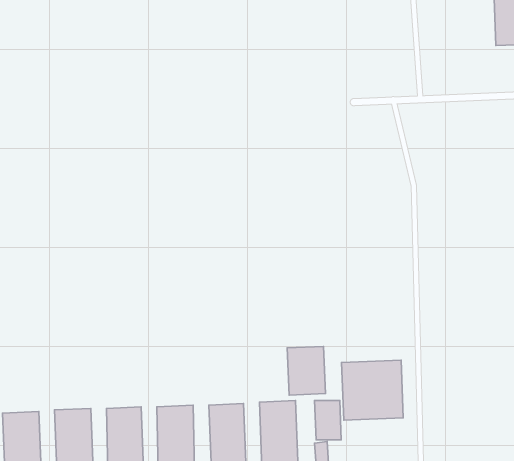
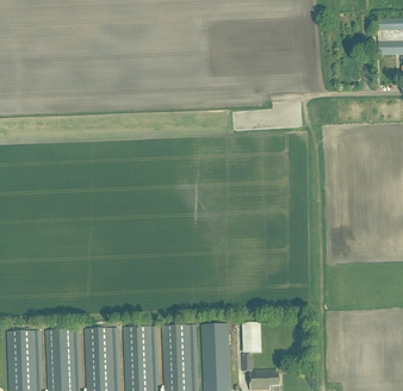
building: [287,346,325,395] -> none
building: [342,360,403,420] -> none

